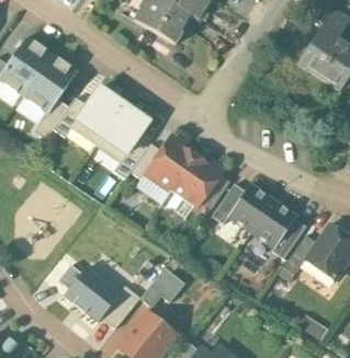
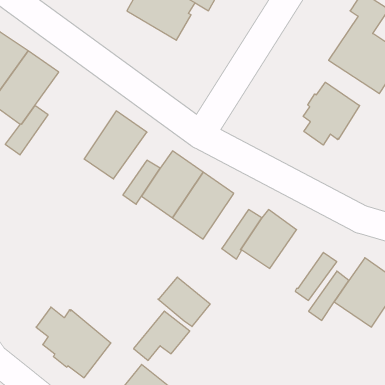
building: none -> [303,82,360,145]
building: [74,86,125,142] -> none
building: [251,200,297,249] -> none
building: none -> [158,277,210,327]

